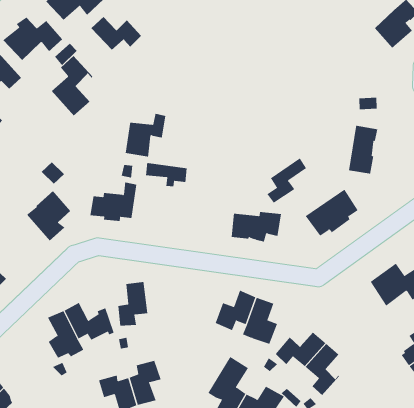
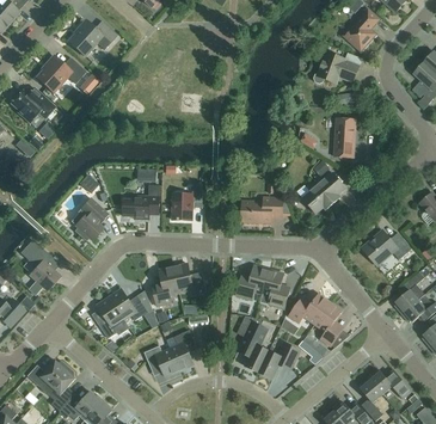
building: [91,16,142,50] -> none
building: none -> [313,51,360,82]
building: [51,55,93,116] -> none
building: [125,113,166,157] -> [172,183,203,220]
building: [266,158,307,204] -> none
building: none -> [174,263,207,295]

